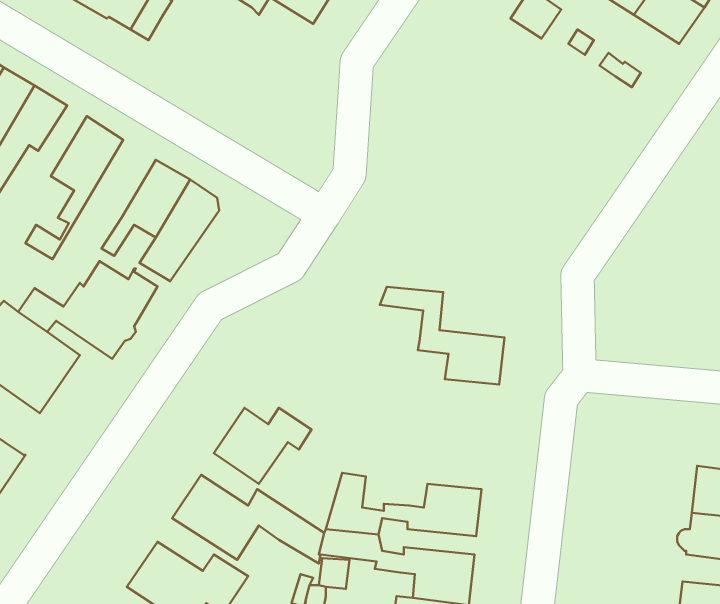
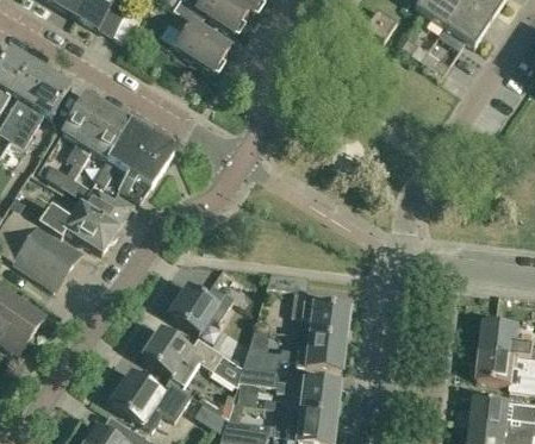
building: none -> [162,21,229,69]
building: none -> [62,108,130,199]
building: [380,287,505,385] -> [266,274,348,338]

